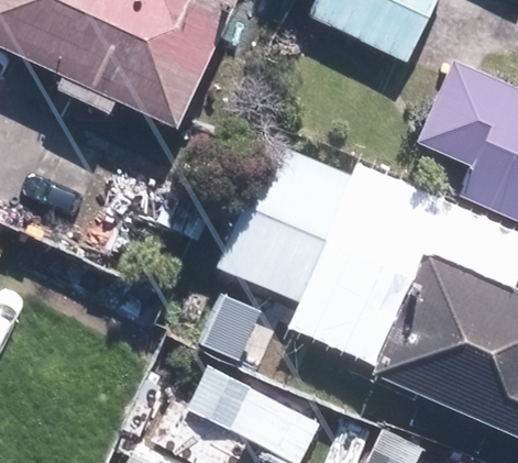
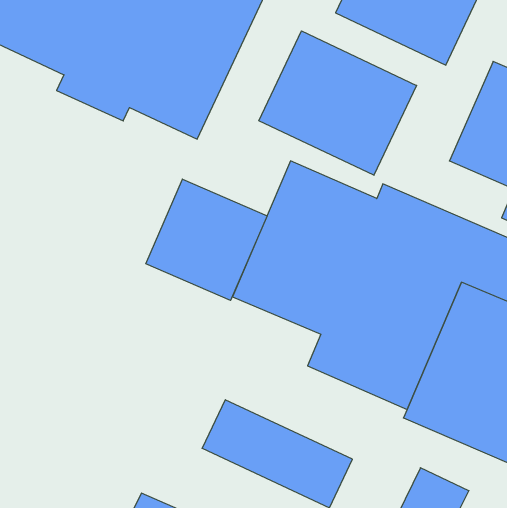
building: none -> [259,31,417,175]
building: none -> [146,179,267,300]

